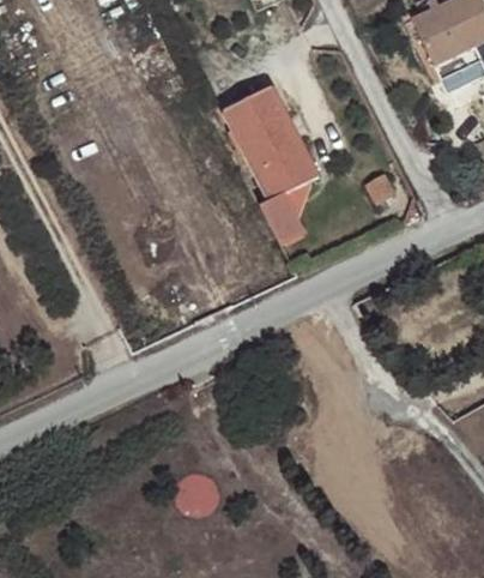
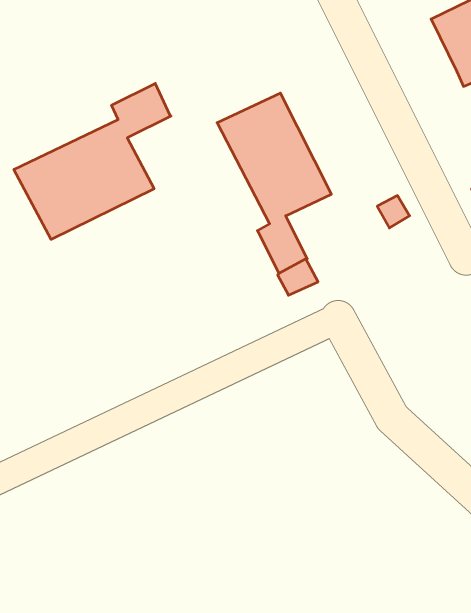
building: none -> [14,83,171,239]

